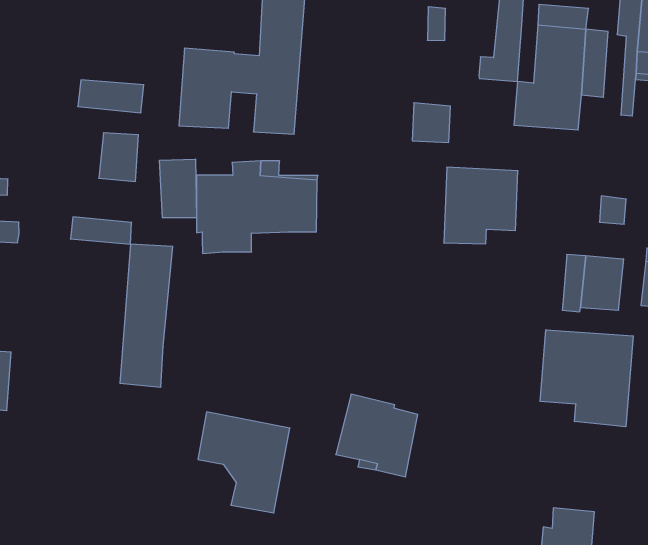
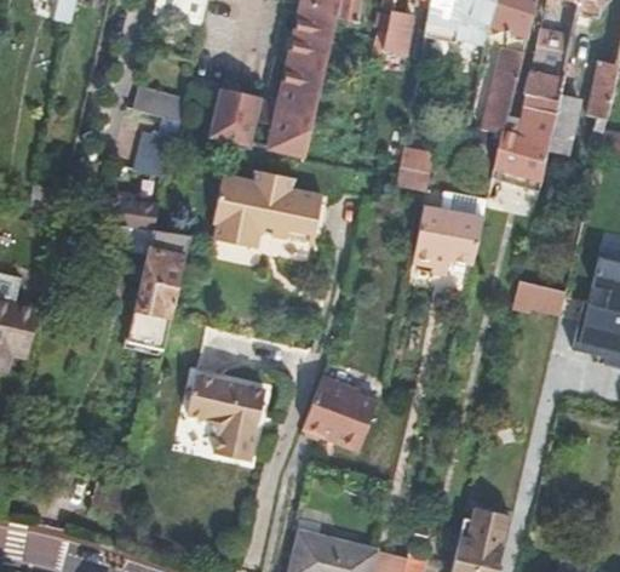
building: [160,159,197,218] -> none
building: [540,330,633,427] -> none

